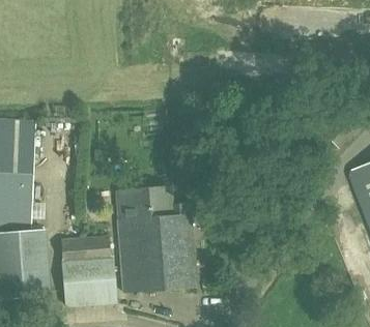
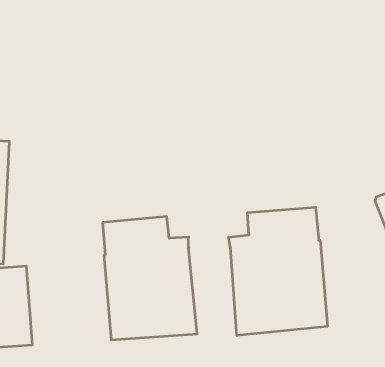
building: none -> [229,207,327,336]
building: [61,235,116,298] -> none

